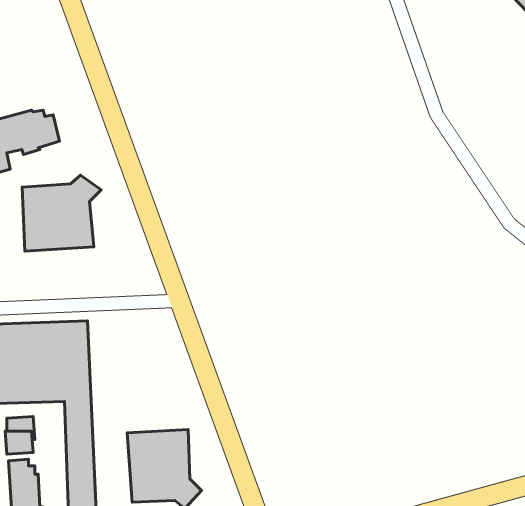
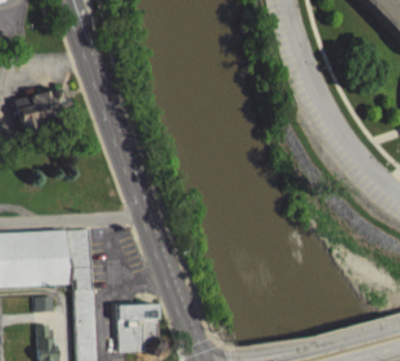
building: [22,175,101,251] -> none

